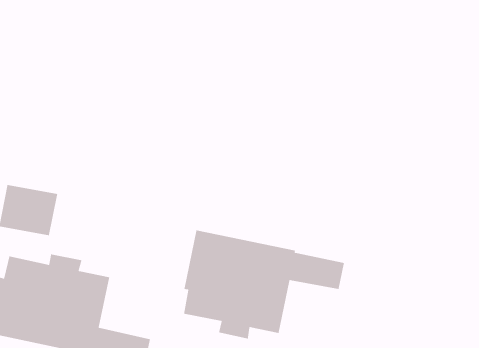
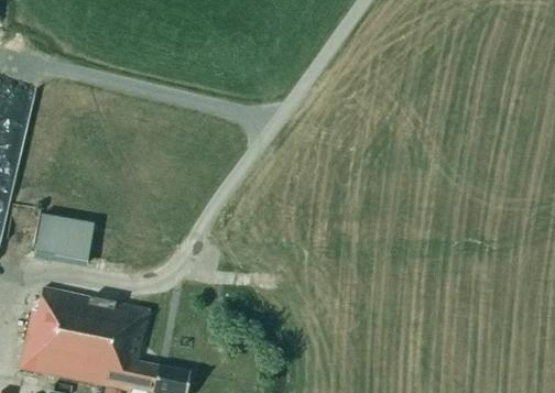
building: [183,230,345,339] -> none

